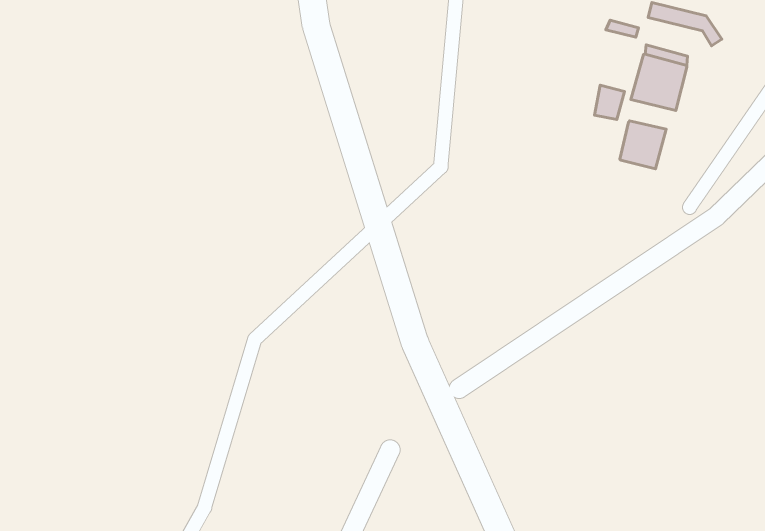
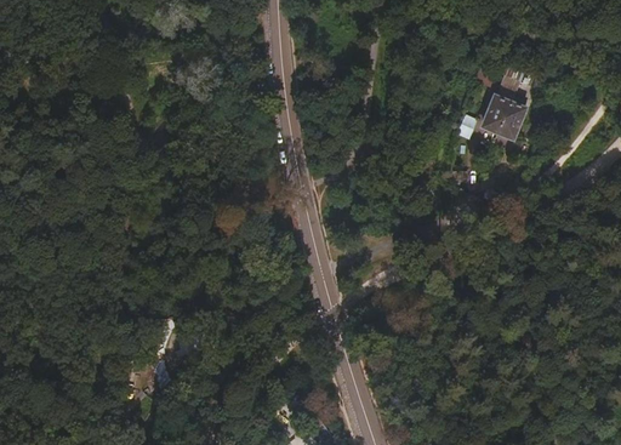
building: [620,121,666,169] -> none

